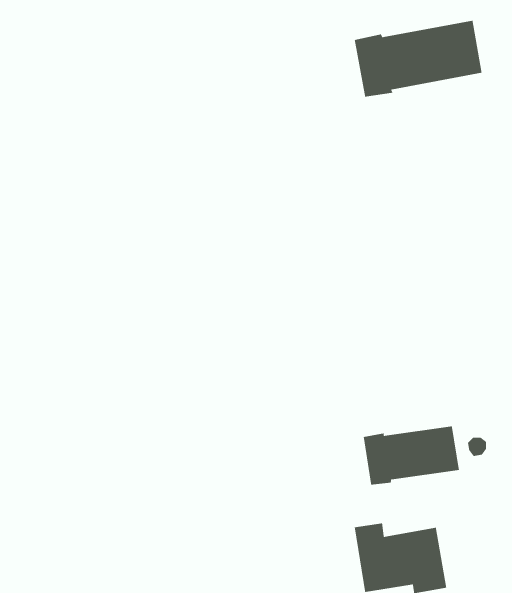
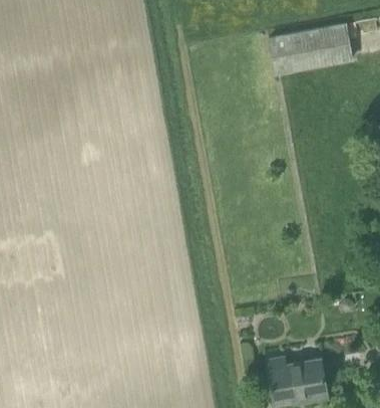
building: [363,425,460,485] -> none

